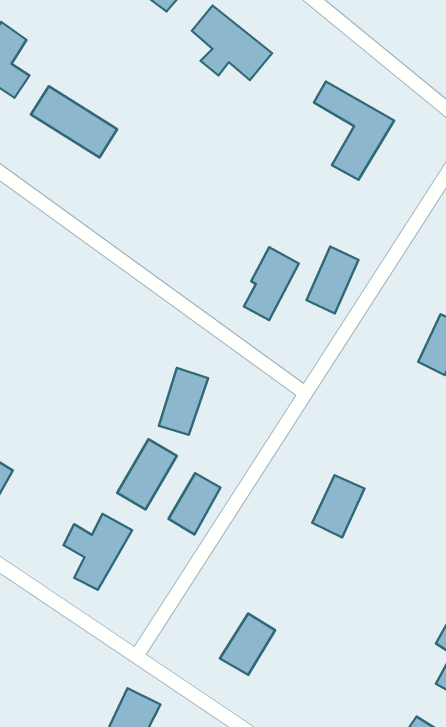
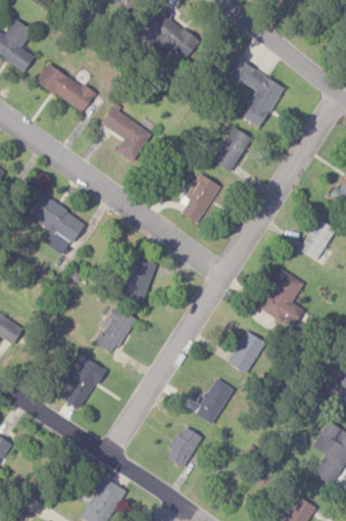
building: none -> [101,107,152,162]
building: [306,246,359,314] -> [213,127,249,173]
building: none -> [29,194,85,255]
building: none -> [260,267,304,327]
building: [169,473,221,535] -> none
building: none -> [194,378,233,423]

